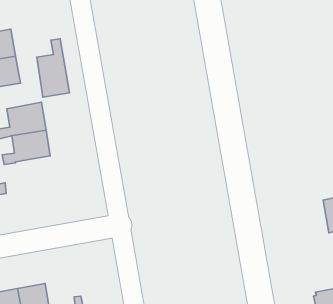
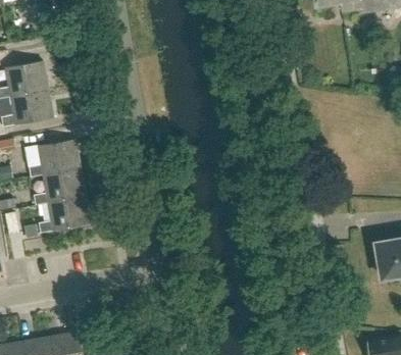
building: [37,39,69,97] -> none
building: none -> [39,196,90,233]

